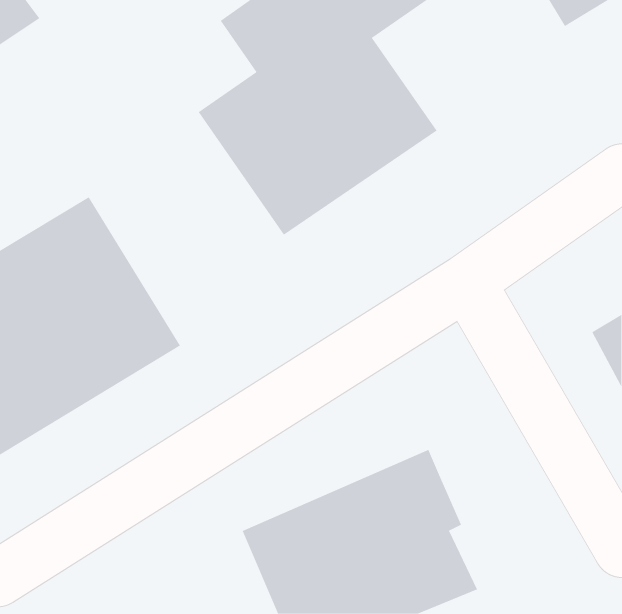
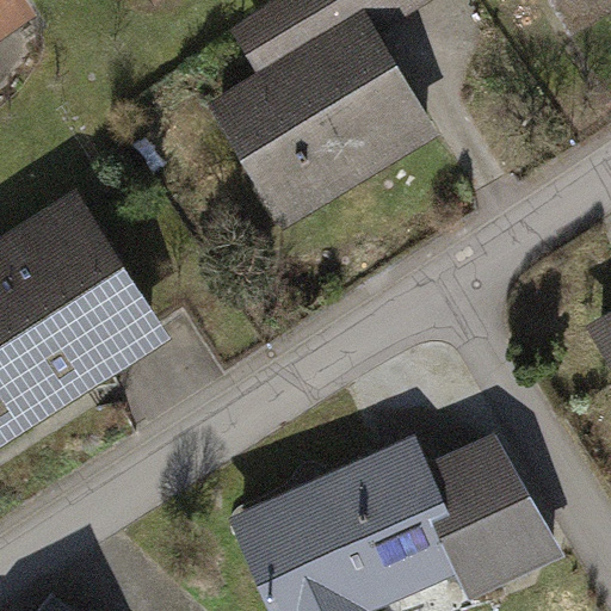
building: none -> [430,432,554,586]

